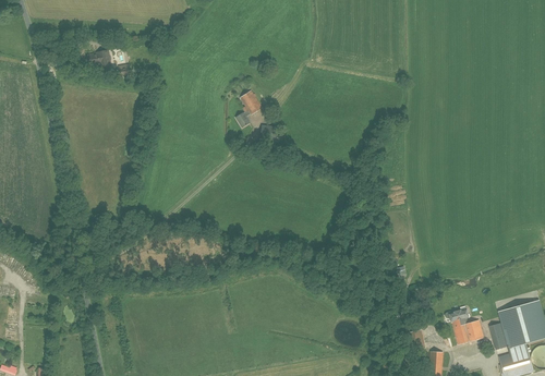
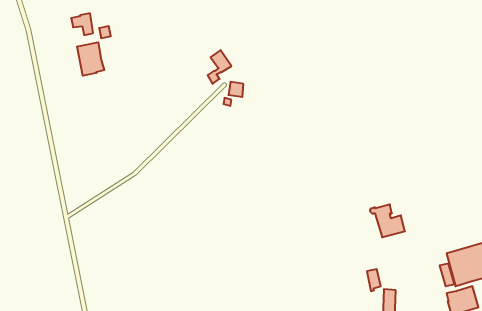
building: none -> [77,42,104,76]
building: [445,307,483,343] -> [370,204,405,237]

